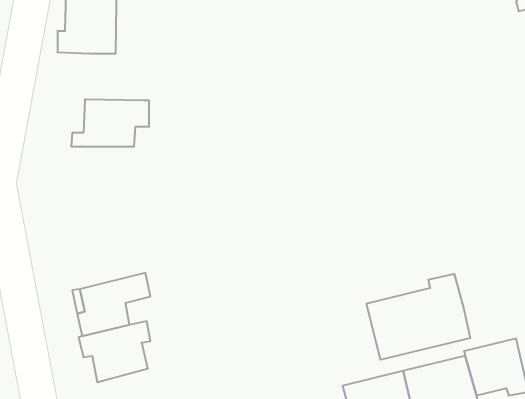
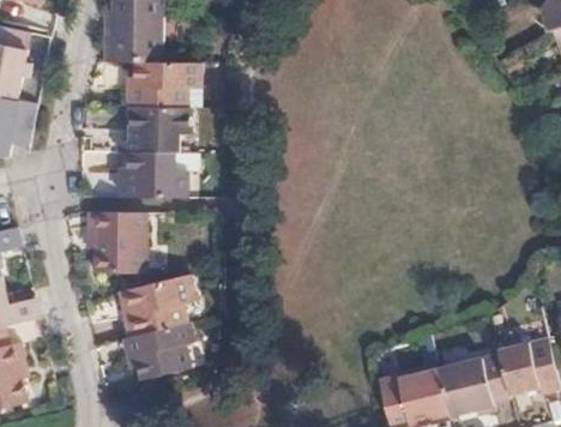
building: none -> [126,62,204,108]
building: none -> [116,152,185,197]
building: none -> [91,210,145,271]
building: [366,274,470,360] -> none

